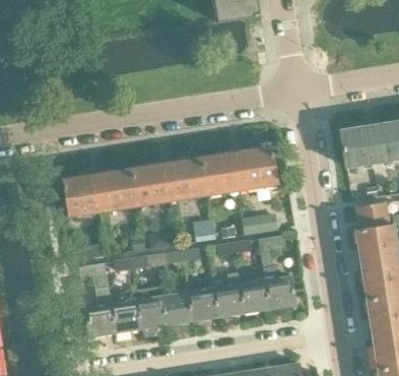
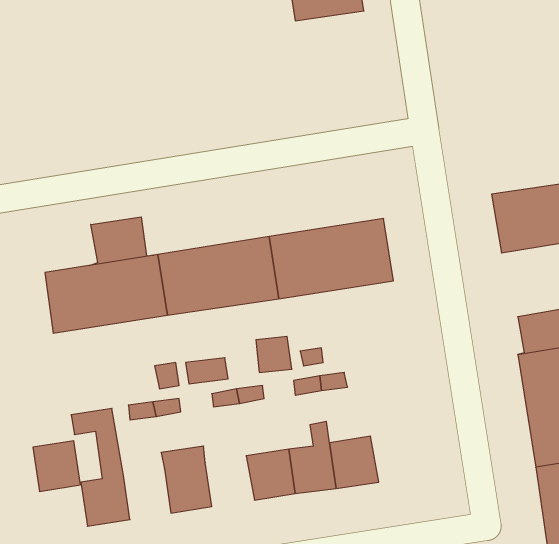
building: none -> [89,217,154,265]
building: [241,212,278,234] -> none
building: [258,235,294,309] -> none
building: [161,293,192,324] -> none
building: [111,301,140,332] -> [33,441,80,491]

